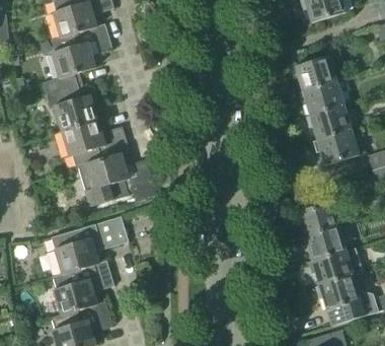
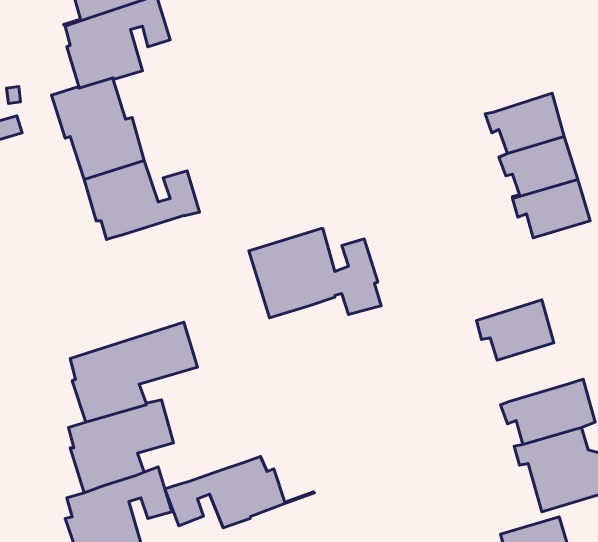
building: [290,56,337,91] -> none
building: [78,152,156,205] -> [249,228,381,318]
building: [300,227,346,262] -> none
building: none -> [165,456,314,528]

